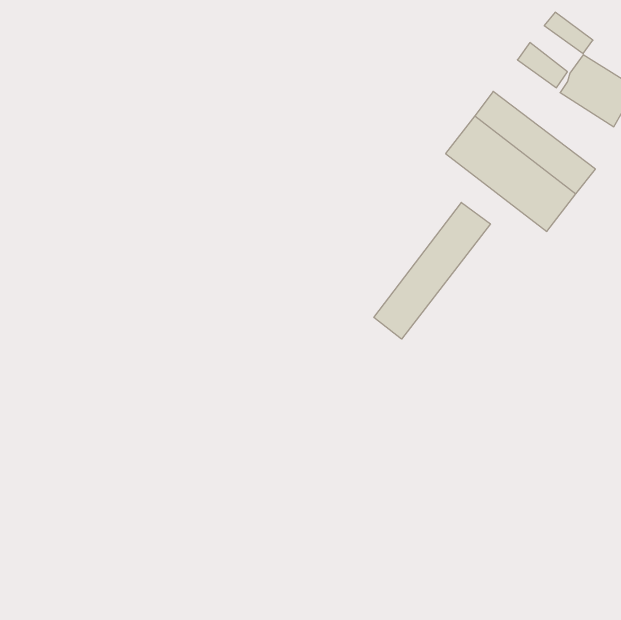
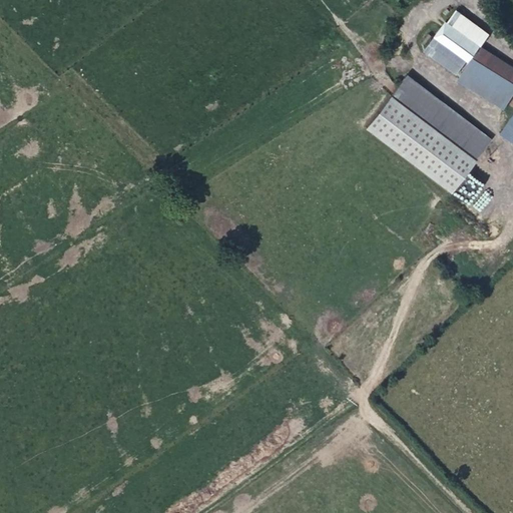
building: none -> [437,22,481,62]
building: [374,202,490,339] -> none

